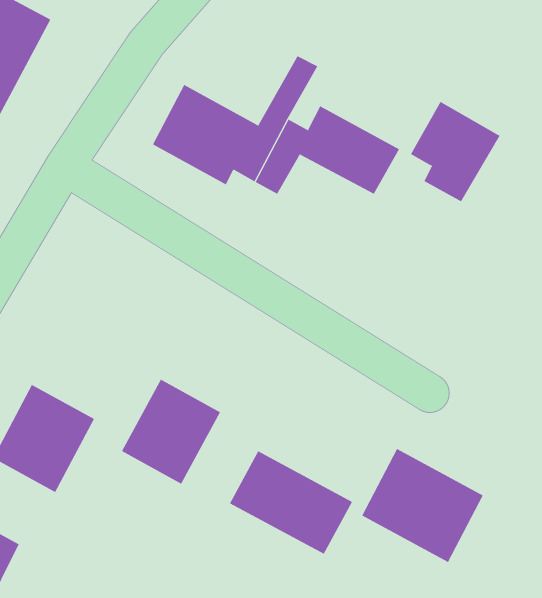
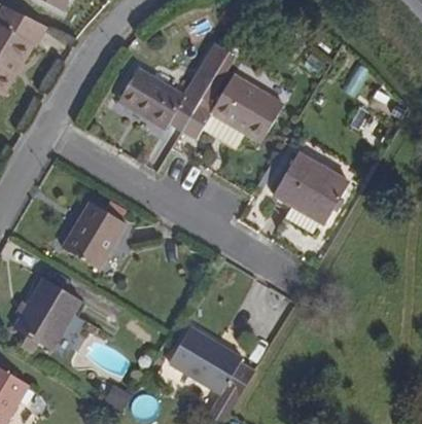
building: [410,101,501,202] -> [281,164,343,233]
building: [121,379,221,484] -> [49,192,117,264]
building: [361,448,484,563] -> none

